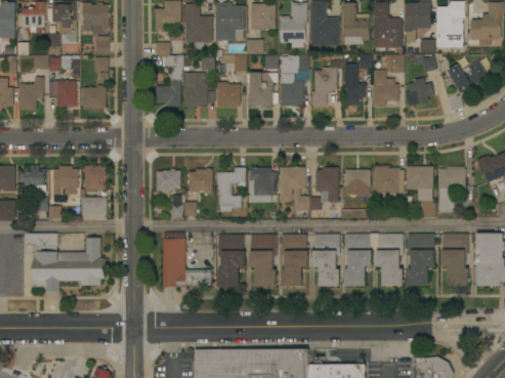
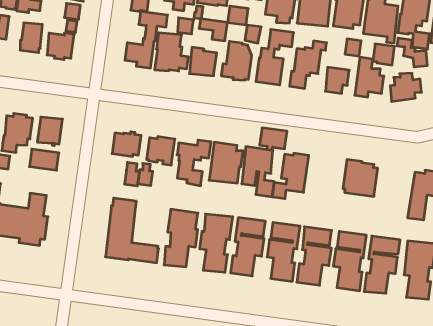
building: [406,166,434,217] -> none
building: [346,170,370,190] -> [260,128,287,150]

